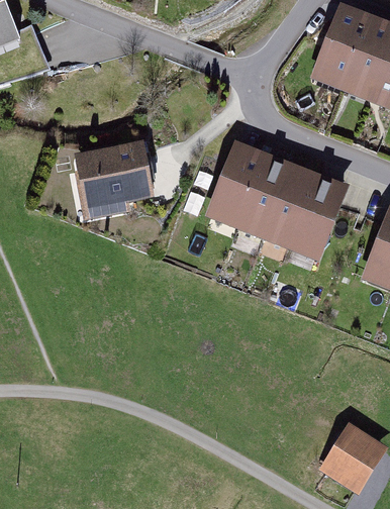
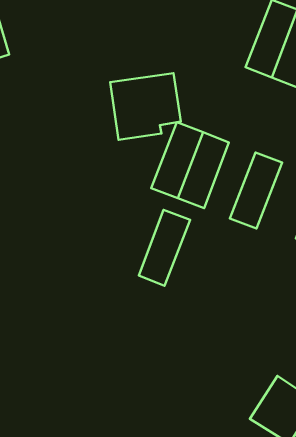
building: [78,137,156,211] -> [110,73,181,140]
building: [264,163,320,246] -> [139,210,190,286]

